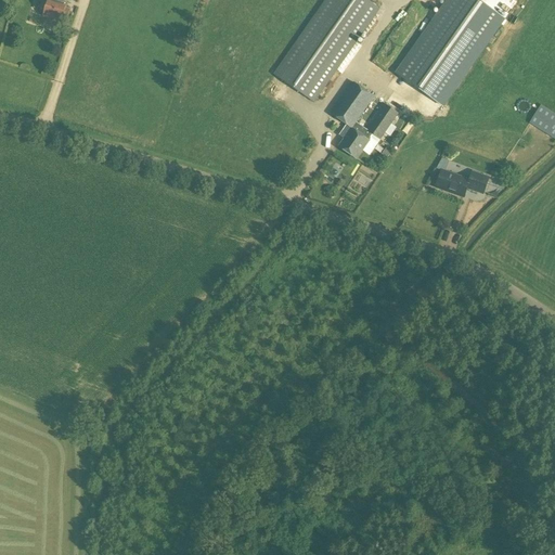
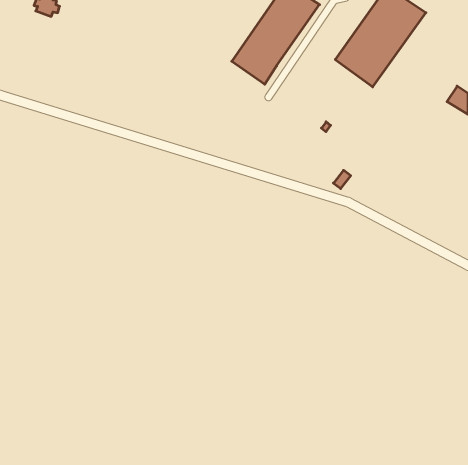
building: [331,79,398,157] -> none
building: [436,168,489,194] -> none

